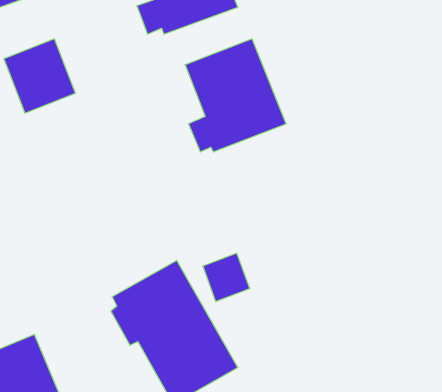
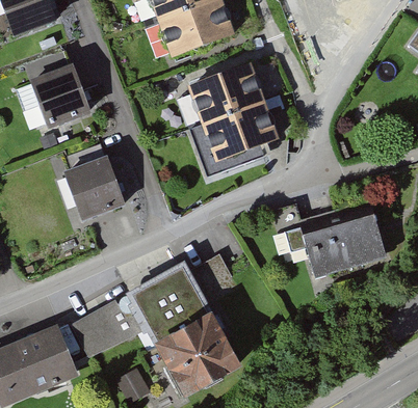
building: none -> [59,146,124,221]
building: none -> [293,202,396,276]
building: none -> [68,301,136,361]

